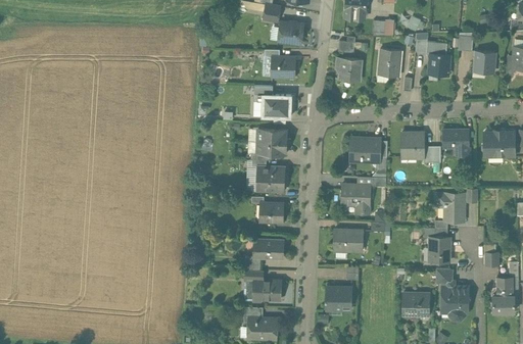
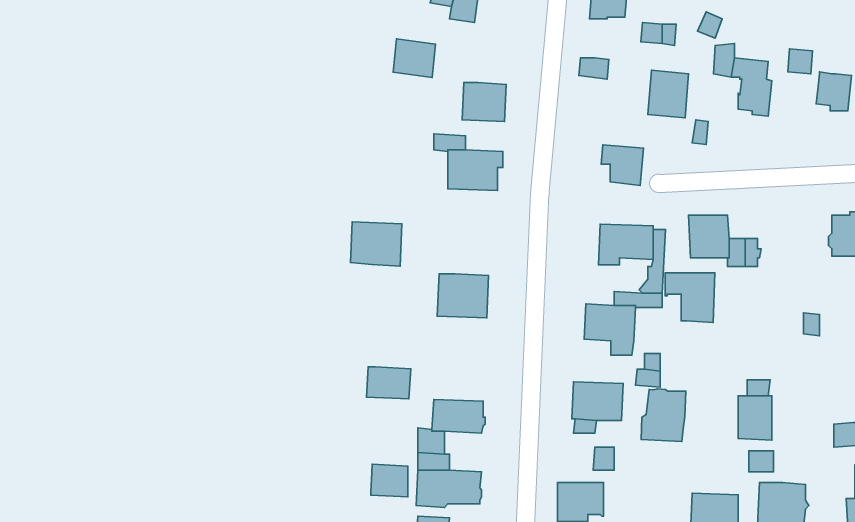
building: [279,21,303,44] -> [393,39,436,78]
building: [336,58,361,82] -> [601,145,644,185]
building: [257,130,287,155] -> [351,222,402,266]
building: [443,130,469,154] -> none
building: [436,193,465,222] -> [665,273,715,322]
building: [259,203,285,222] -> [366,367,411,399]
building: none -> [641,389,686,441]
building: none -> [371,464,408,497]

